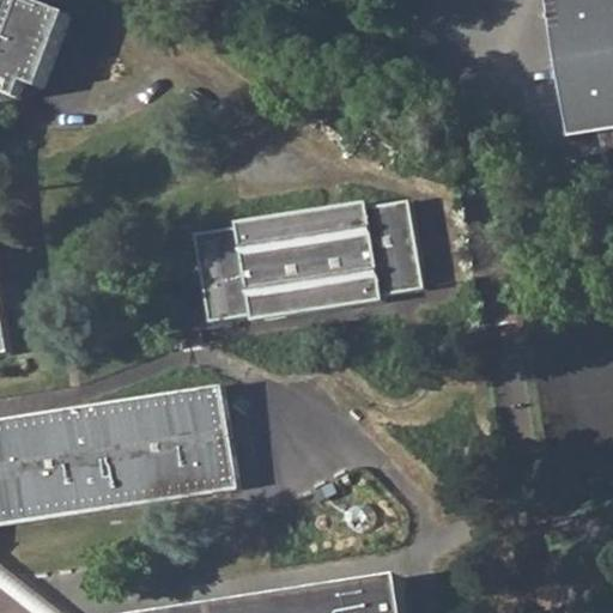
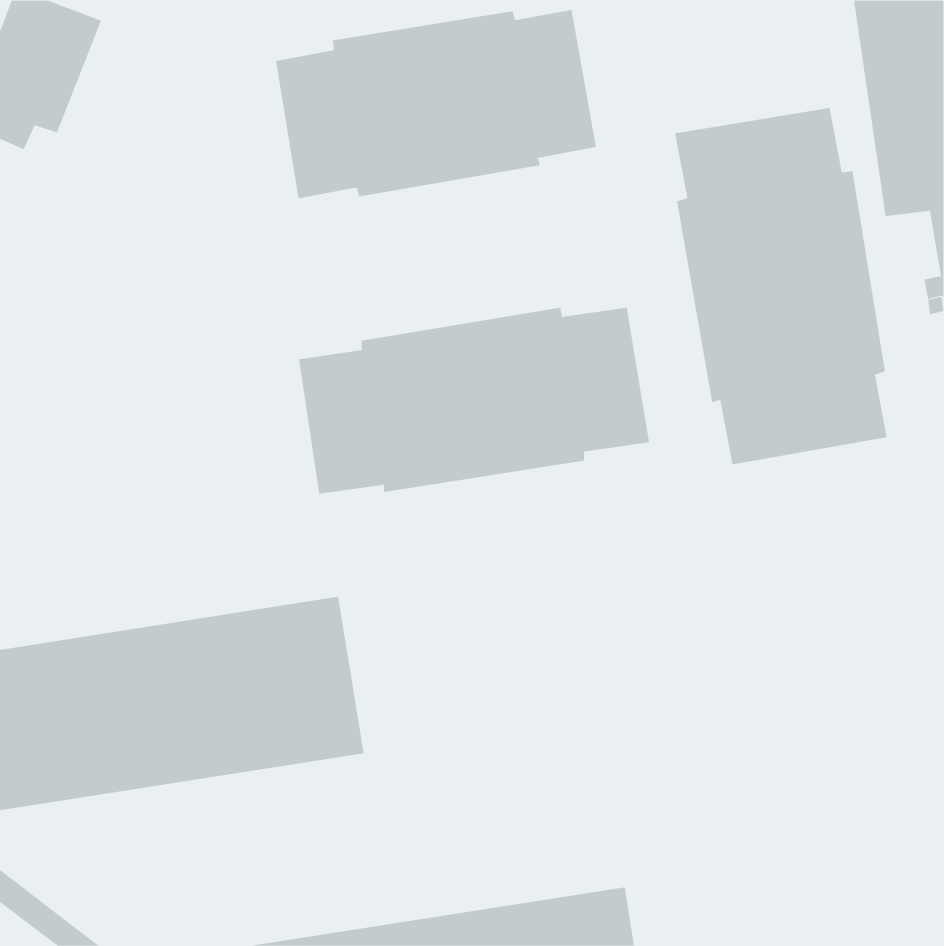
building: none -> [275,9,596,199]
building: none -> [675,107,887,465]

